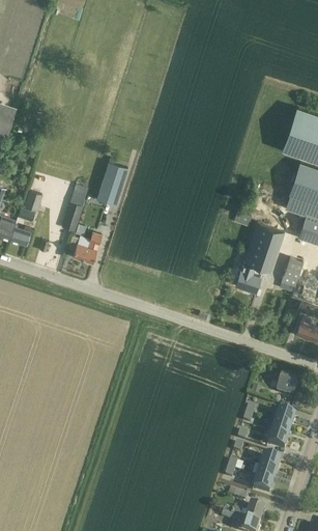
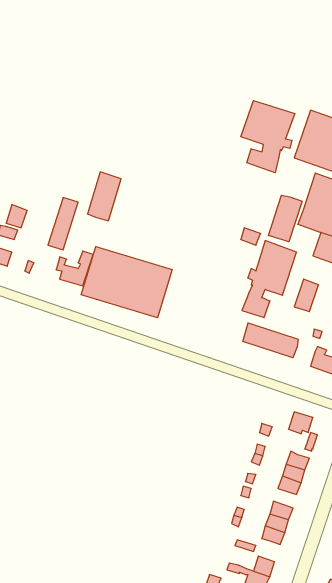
building: none -> [241,101,295,173]
building: none -> [268,195,302,242]
building: none -> [81,247,172,318]
building: none -> [243,323,298,358]

